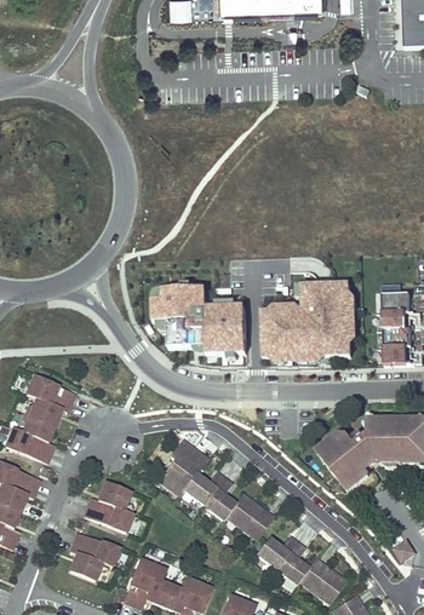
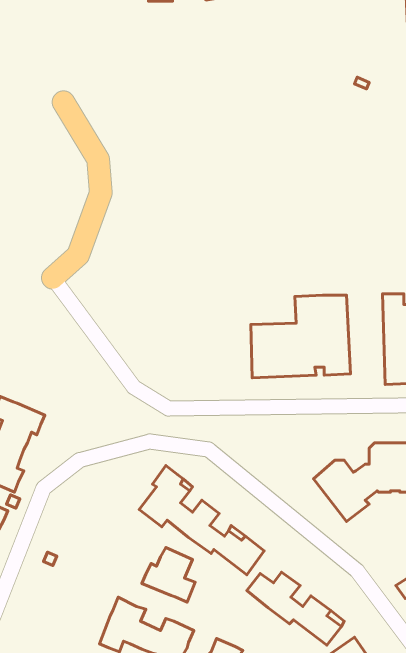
building: [151,287,246,354] -> none
building: [82,482,131,531] -> [142,548,195,602]
building: [68,531,118,580] -> none

